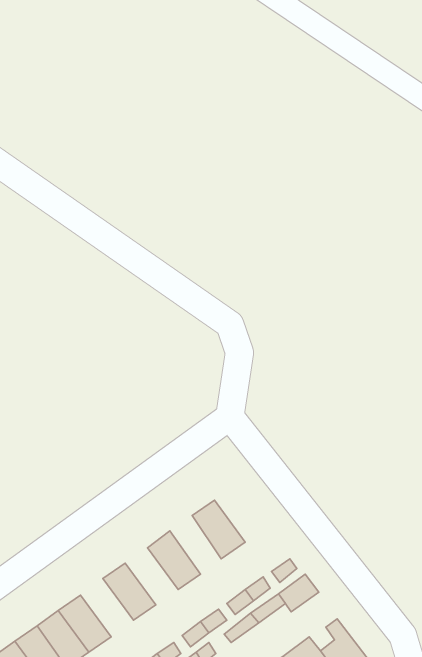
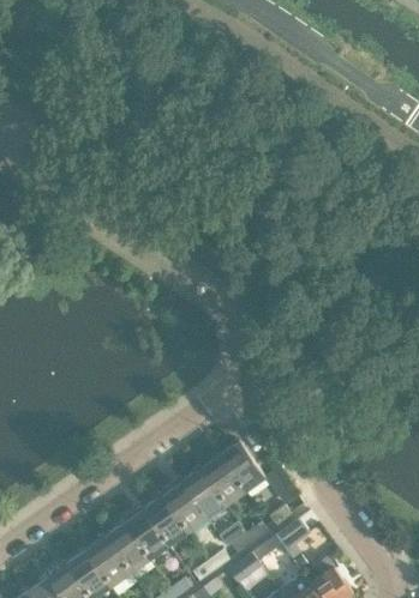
building: none -> [217,443,262,493]
building: none -> [179,470,223,520]
building: none -> [140,497,186,546]
building: none -> [102,524,148,574]

